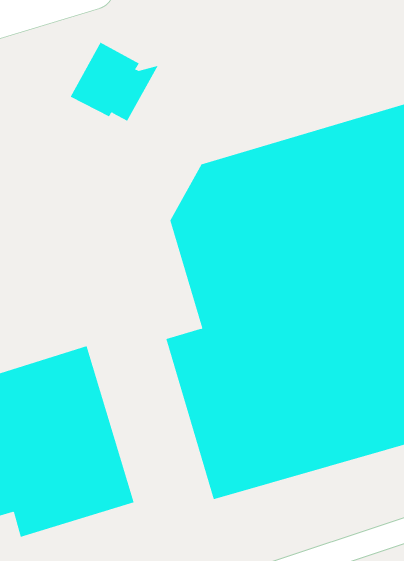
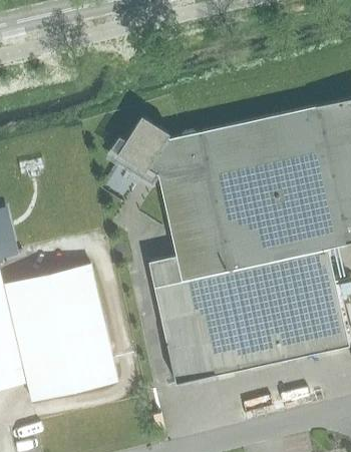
building: [70,42,159,121] -> [116,115,184,175]

